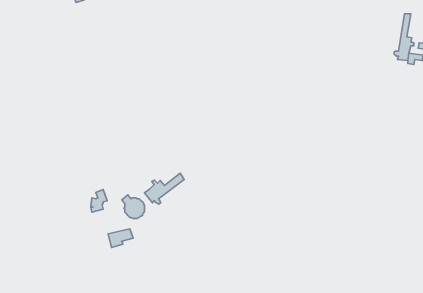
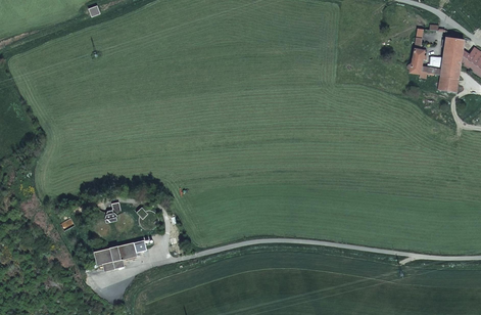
building: [145,173,184,204] -> none
building: none -> [95,245,127,271]

